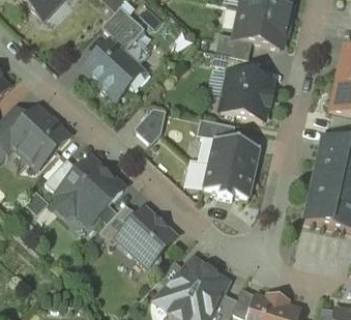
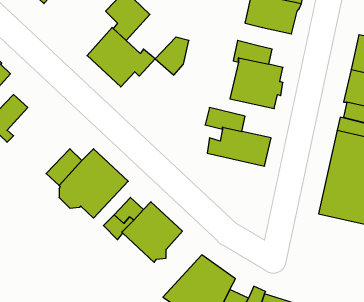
building: [215,30,252,57] -> none
building: [7,106,67,166] -> none
building: [134,106,166,142] -> [155,37,189,75]
building: [196,159,254,200] -> none

